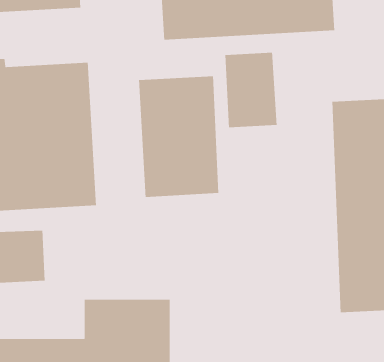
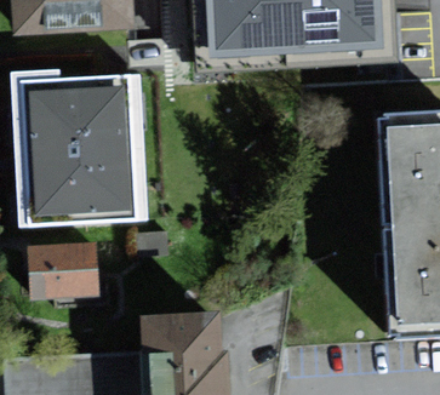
building: [225,52,277,128] -> none
building: [138,75,219,198] -> none

